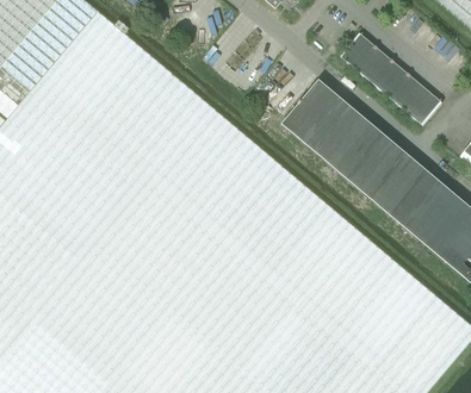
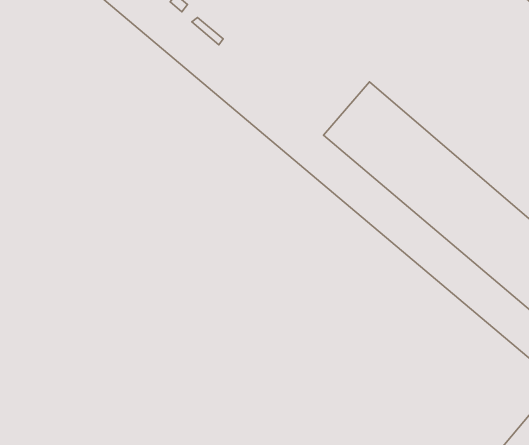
building: [347,38,448,130] -> none

